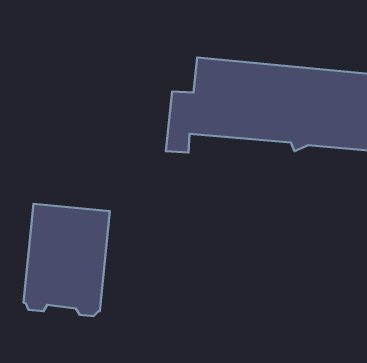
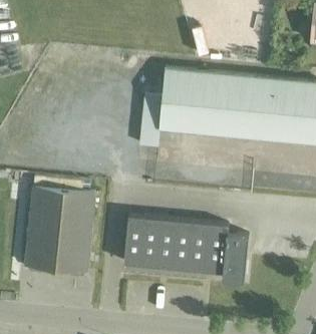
building: none -> [124,216,249,282]

